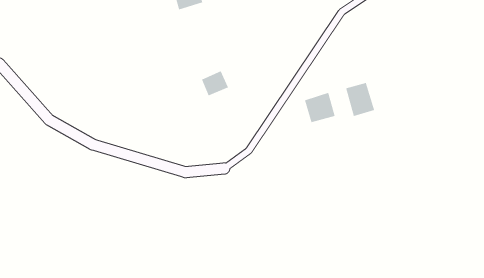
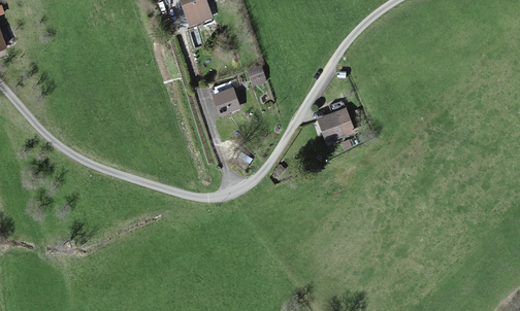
building: [346,82,375,117] -> none

